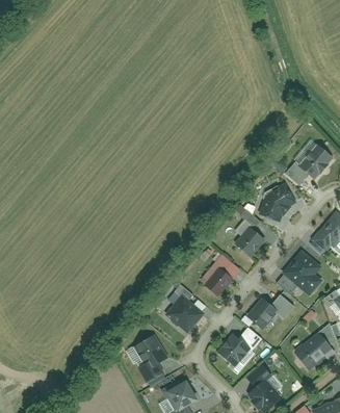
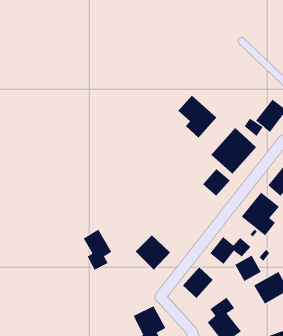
building: none -> [177,95,217,139]
building: [209,260,237,288] -> none
building: none -> [235,255,262,282]
building: [134,332,166,378] -> [83,229,112,271]

